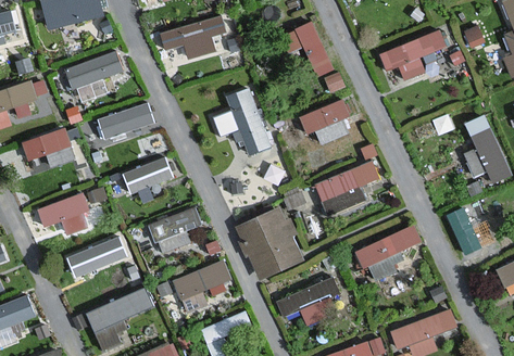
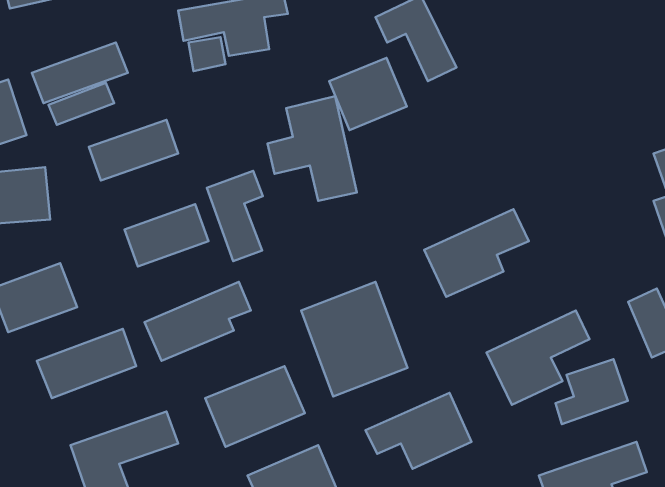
building: [378,29,452,79] -> none
building: [303,100,353,147] -> [329,58,407,130]
building: none -> [207,171,263,261]
building: none -> [555,359,628,424]

